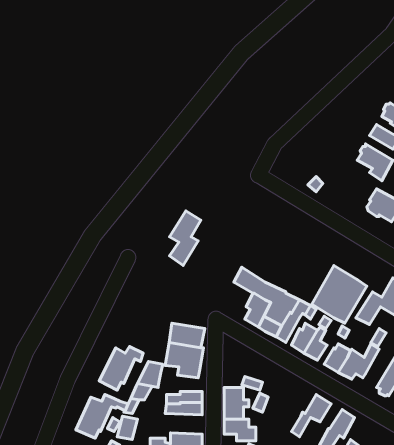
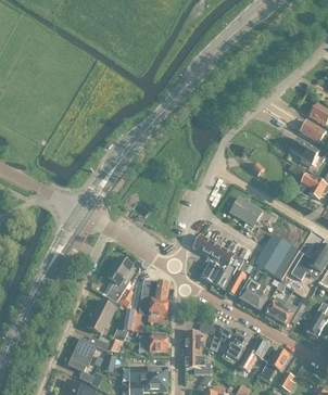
building: [169,211,201,266] -> [108,256,133,300]
building: none -> [230,196,262,222]
building: none -> [219,322,252,364]

